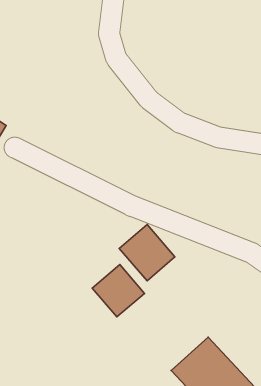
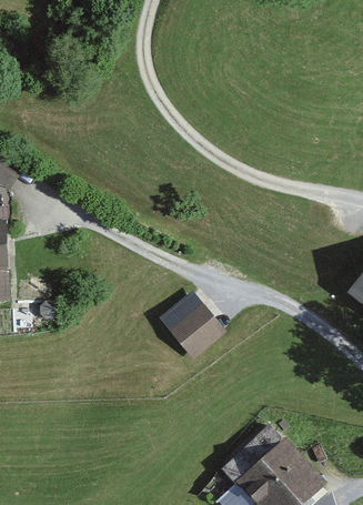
building: [92,265,145,317] -> none

